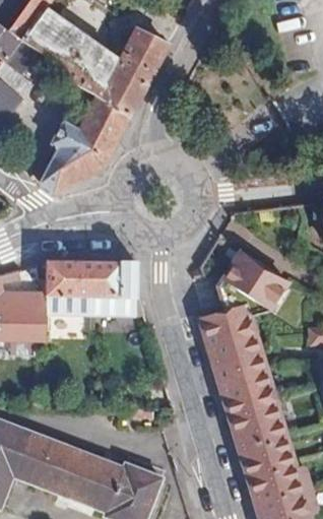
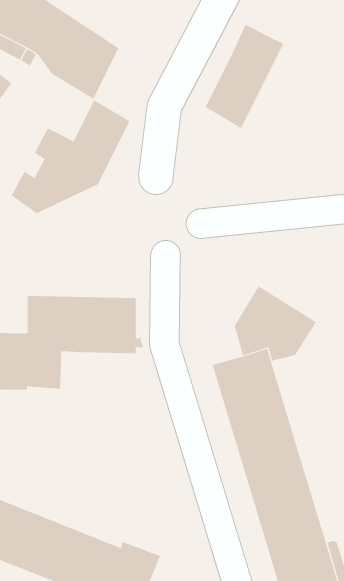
building: [102,27,168,115] -> [205,24,284,129]

